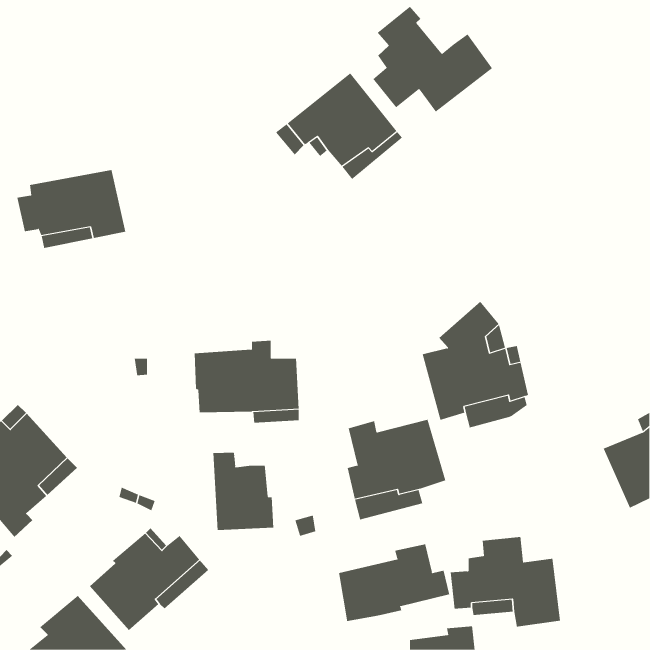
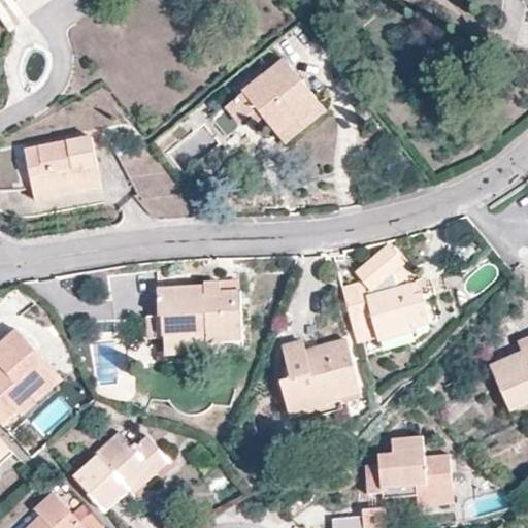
building: [372,6,493,112] -> none
building: [213,452,274,531] -> none
building: [339,544,450,622] -> none

